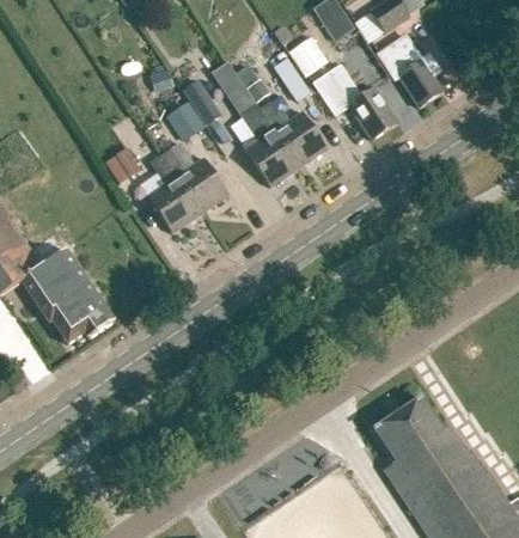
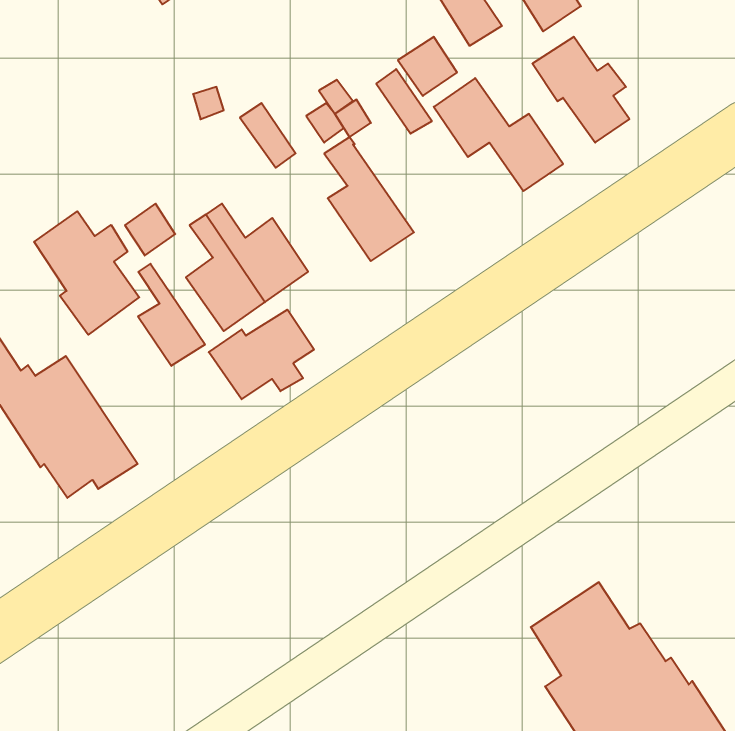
building: [167,98,207,139] -> none
building: [258,100,326,166] -> none
building: none -> [34,211,139,335]
building: none -> [138,264,205,366]
building: none -> [209,310,314,399]

